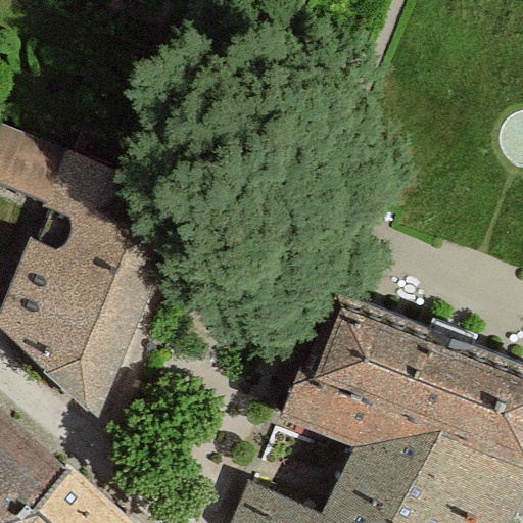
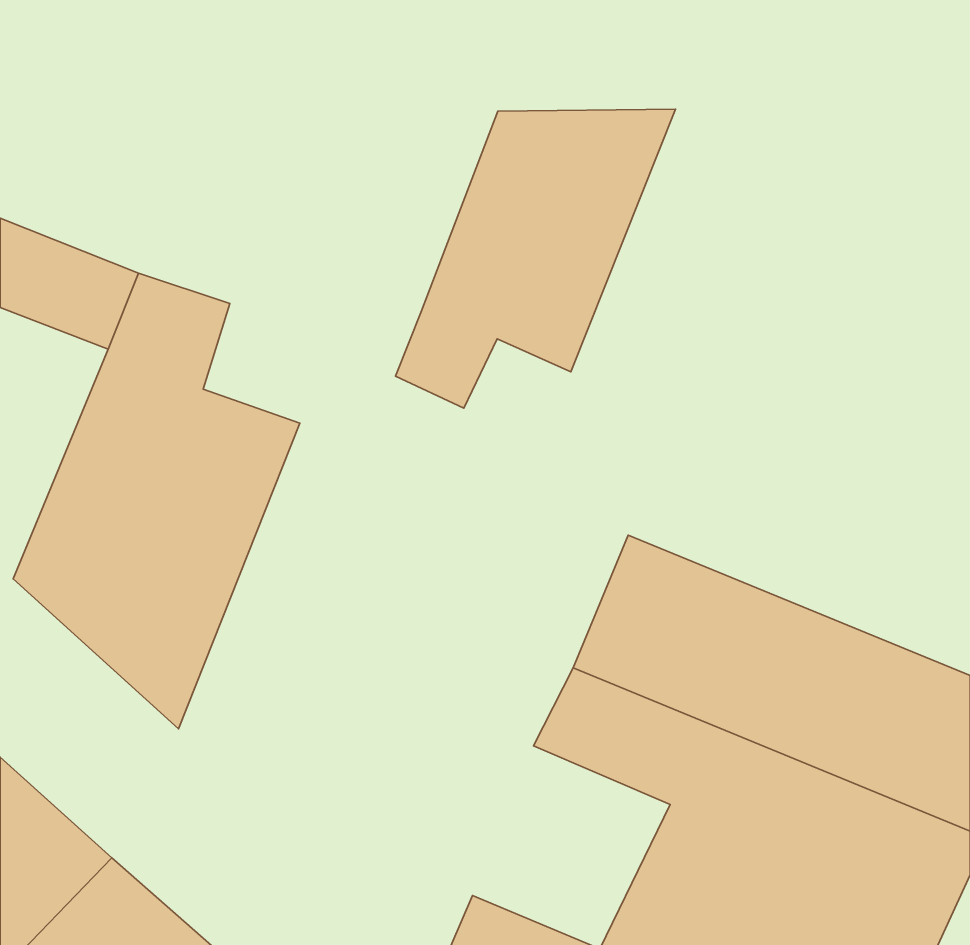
building: none -> [396,109,675,408]

